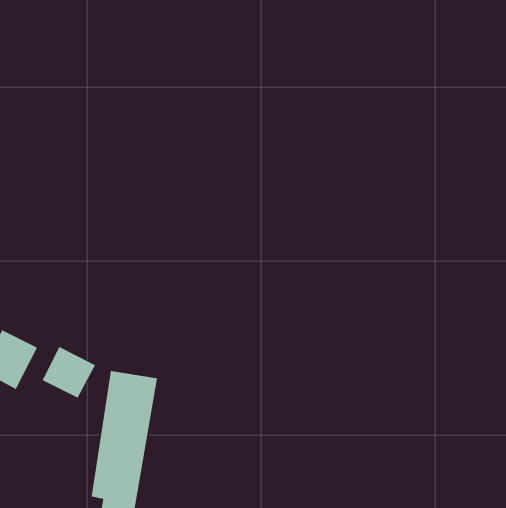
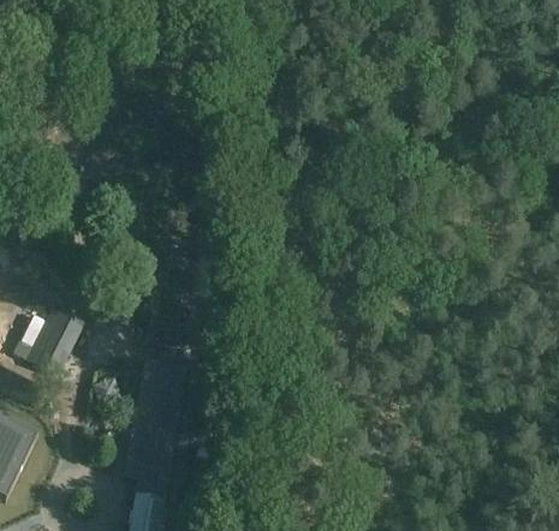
building: [42,346,96,398] -> none

